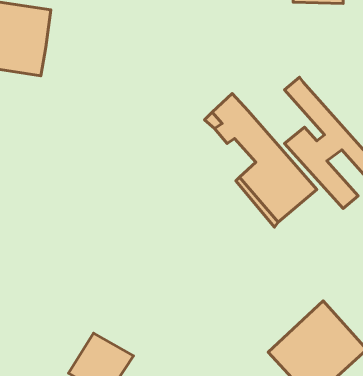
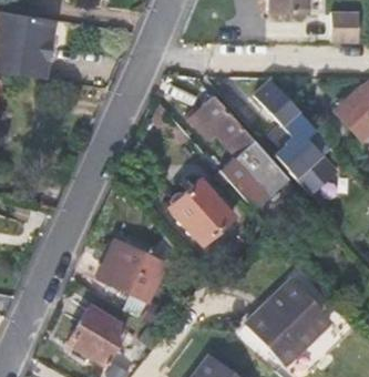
building: none -> [170,180,234,243]
building: none -> [99,240,166,302]

